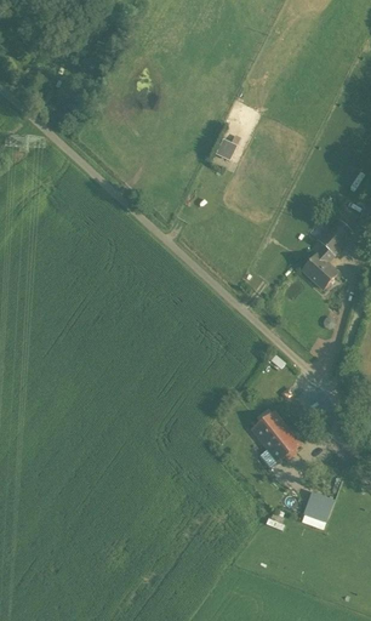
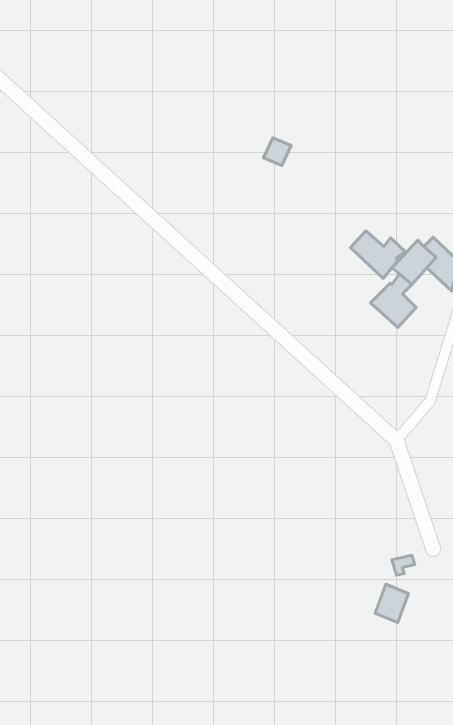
building: none -> [350,231,405,278]
building: [251,412,301,463] -> none

